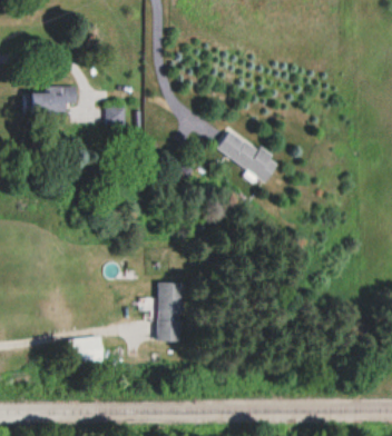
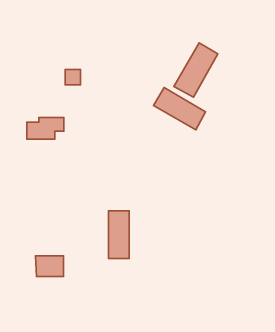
building: none -> [174,43,218,97]
building: [29,86,75,112] -> [27,118,64,139]

